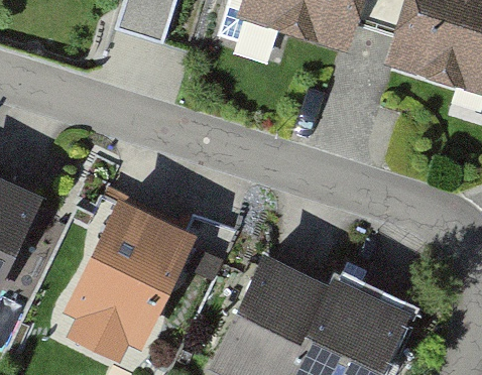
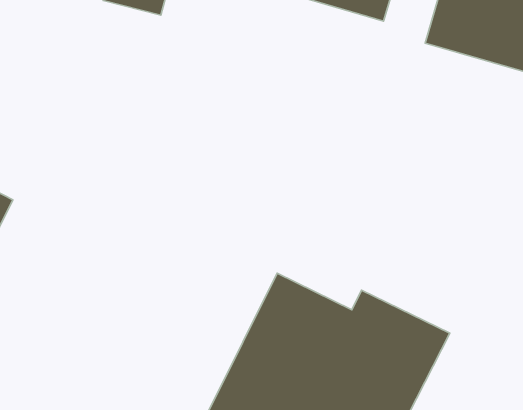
building: [67,201,198,362] -> none

